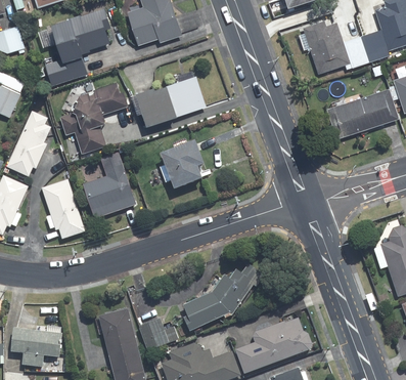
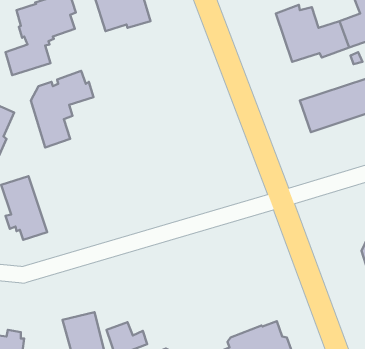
building: [139,76,205,127] -> none
building: [161,140,209,192] -> none
building: [84,156,136,220] -> none
building: [183,262,265,330] -> none

